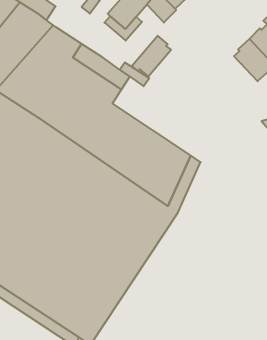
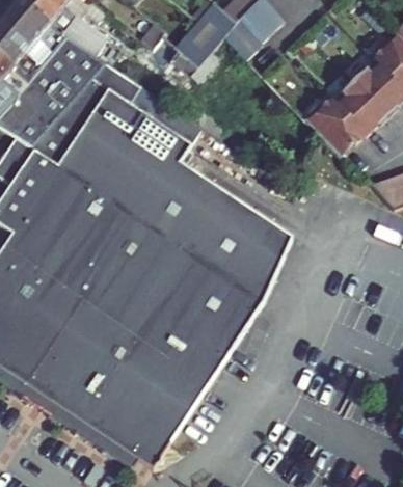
building: [132,36,171,77] -> none
building: none -> [304,94,365,154]

